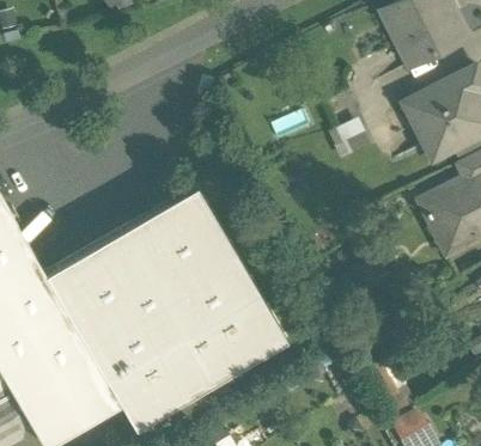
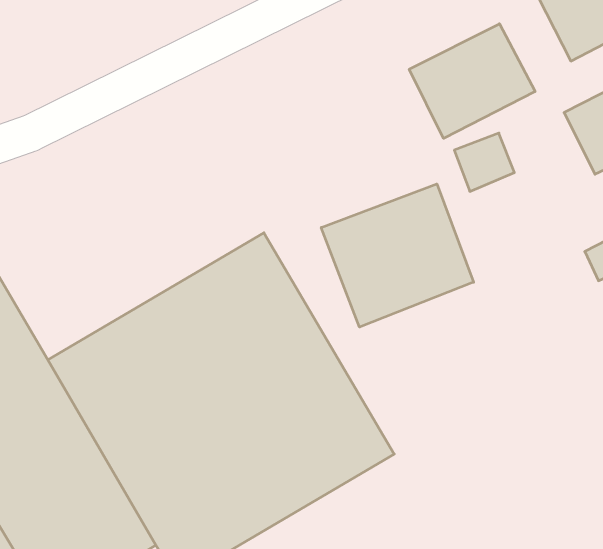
building: none -> [409,24,535,138]
building: none -> [321,184,474,327]

